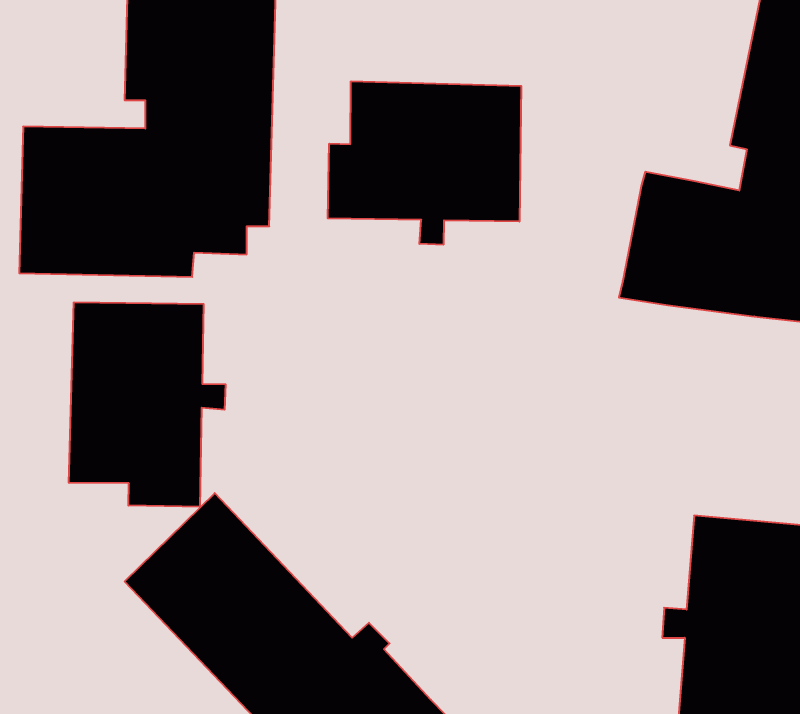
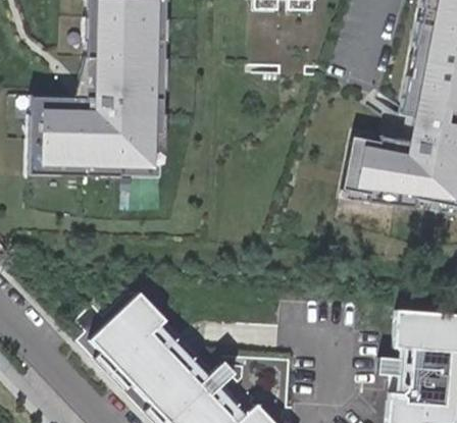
building: [328,81,521,245] -> none
building: [69,302,226,507] -> none

